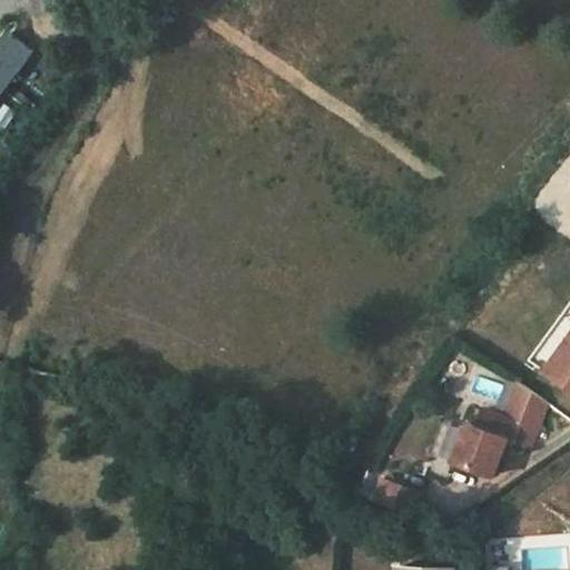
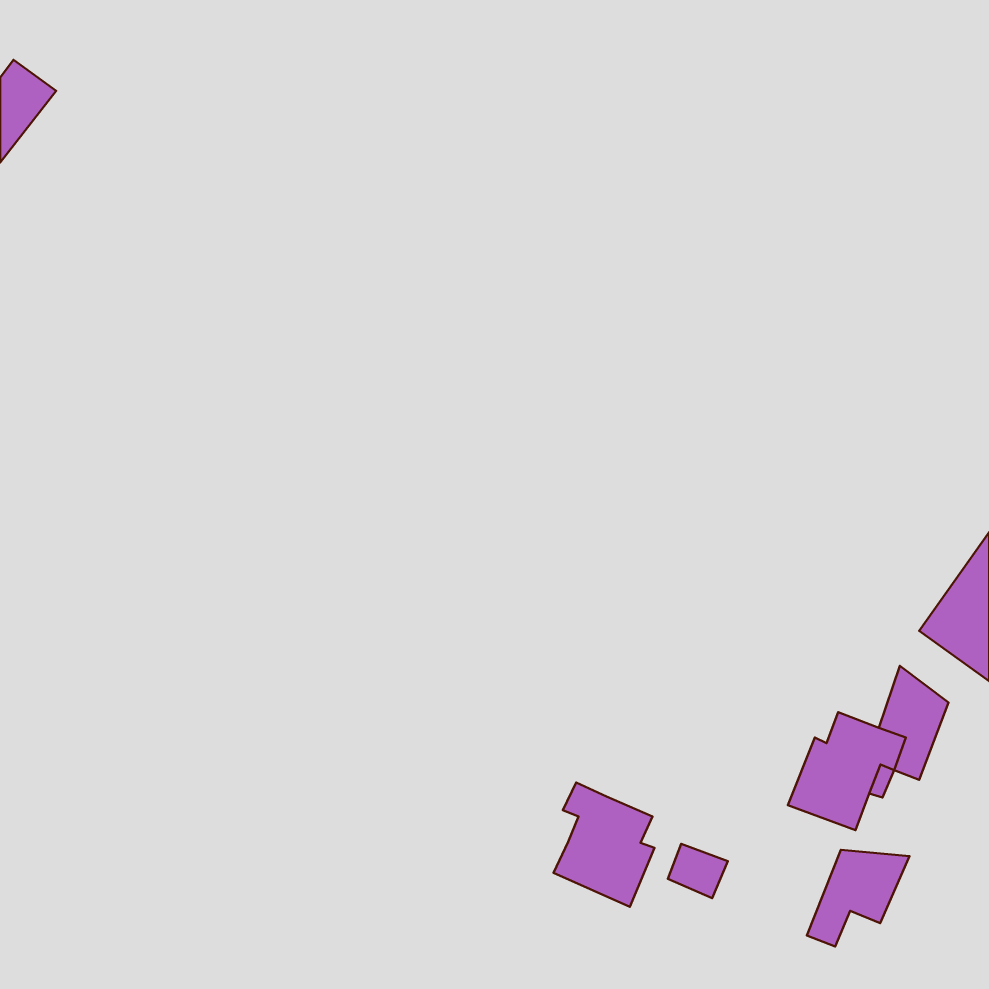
building: none -> [554,783,655,907]
building: none -> [807,850,909,947]

